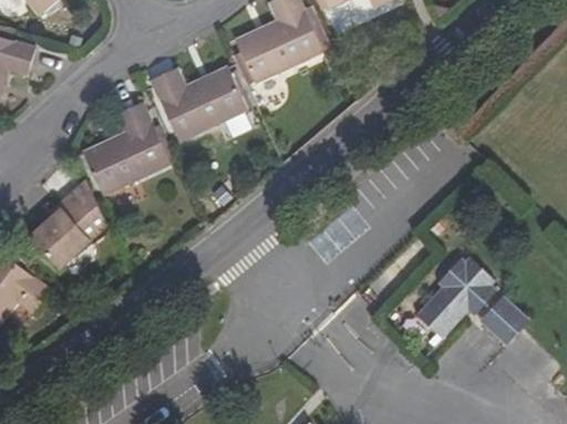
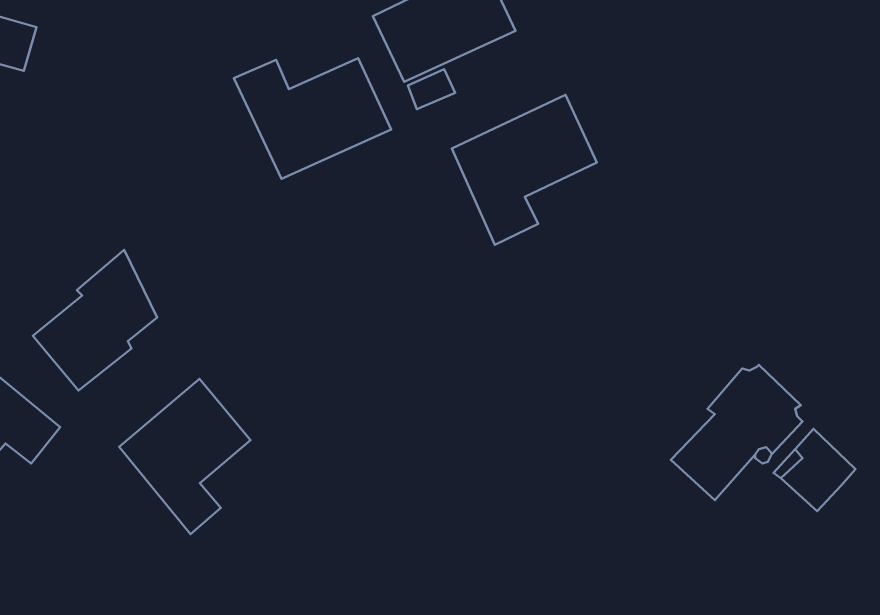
building: none -> [452,95,597,245]
building: [81,102,167,194] -> none
building: none -> [119,379,251,534]

